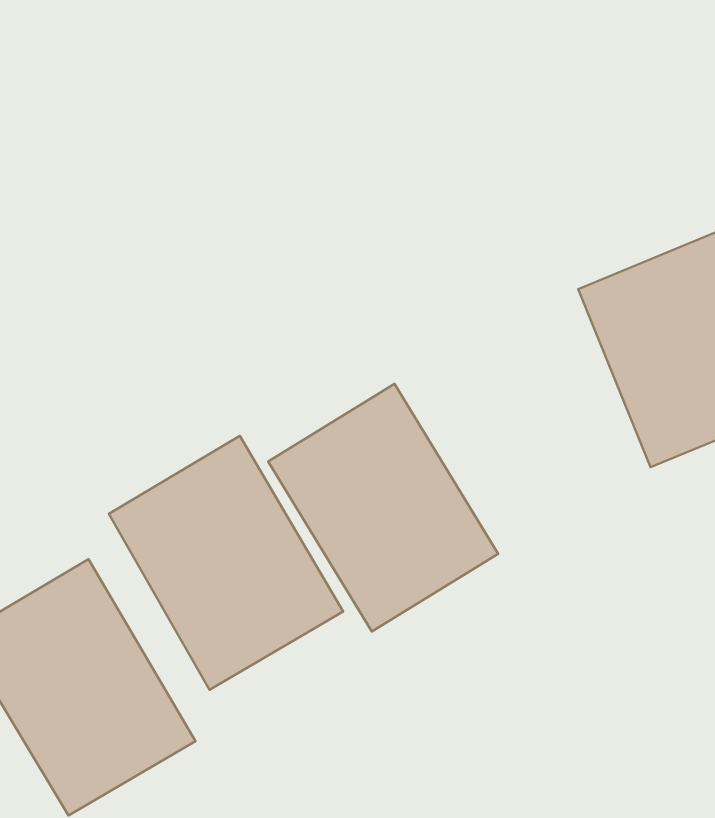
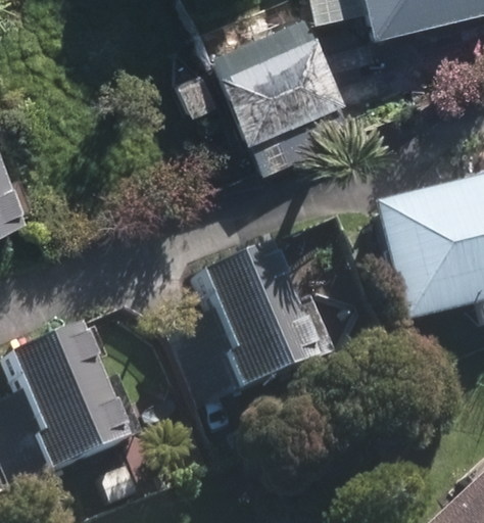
building: none -> [227,38,341,136]
building: [109,436,343,690] -> none

